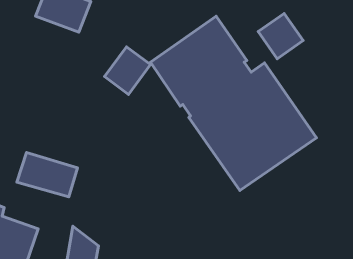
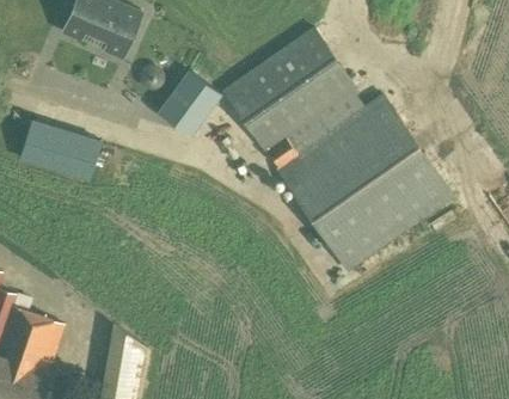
building: [258,13,303,59] -> none
building: [17,153,77,197] -> [16,119,100,182]

